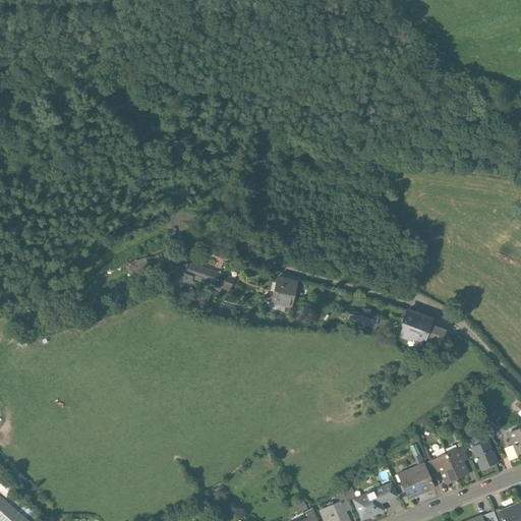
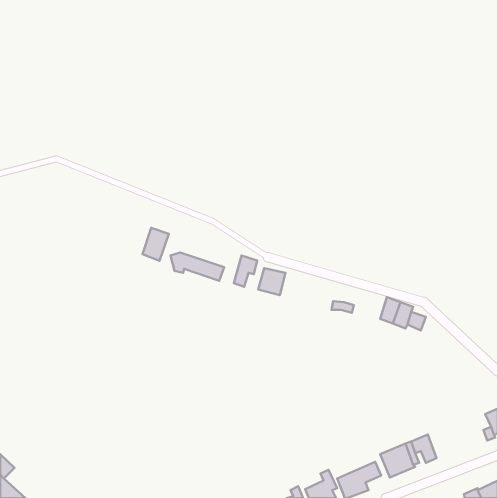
building: none -> [142,228,169,261]
building: none -> [234,255,257,287]
building: [472,441,498,469] -> none
building: [448,448,469,478] -> none

